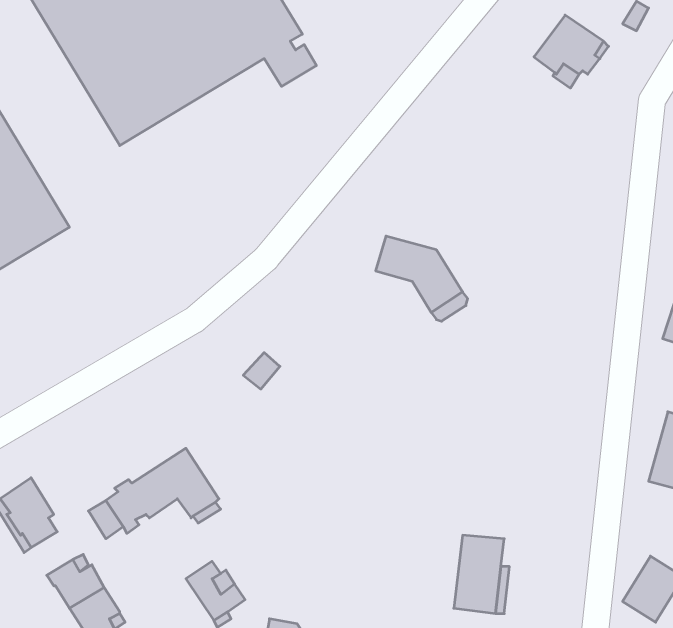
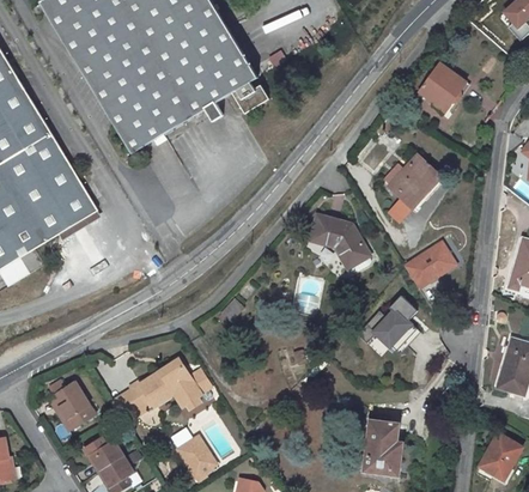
building: none -> [382,154,437,208]
building: none -> [401,237,457,287]
building: none -> [365,293,418,353]

